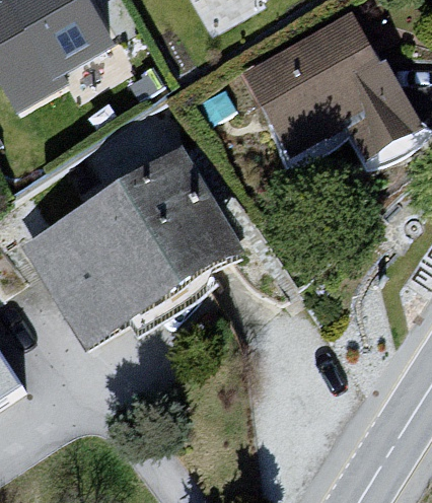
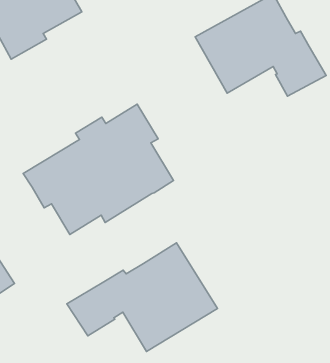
building: none -> [67,243,218,352]

